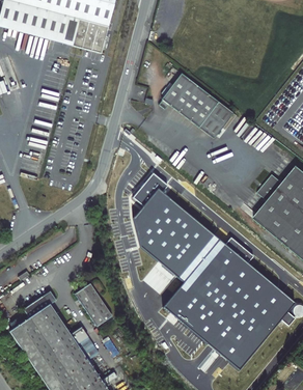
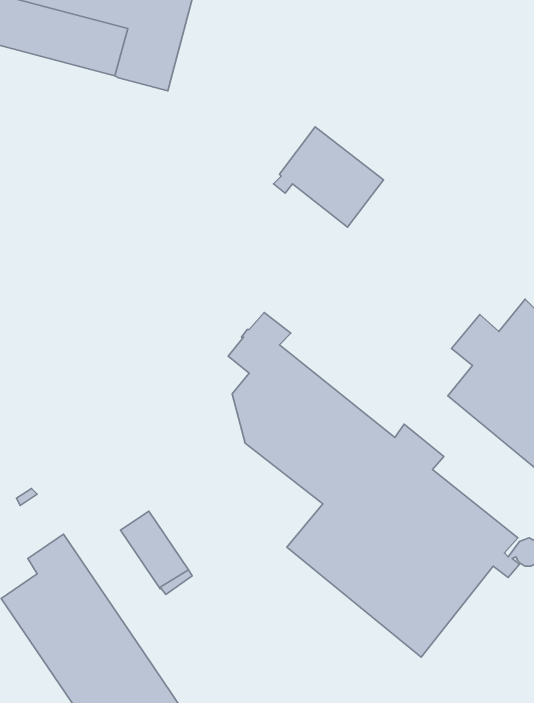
building: [199,102,233,138] -> none

